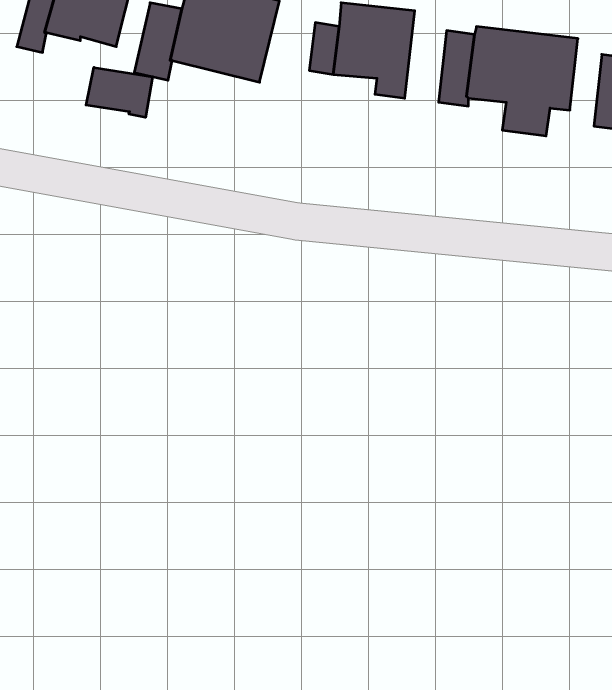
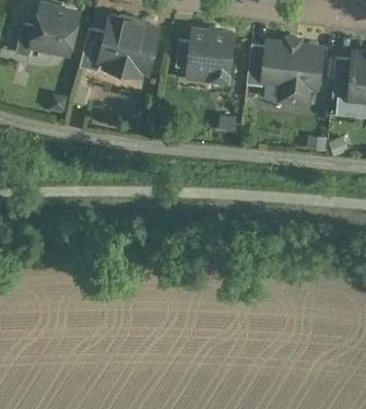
building: [86,67,153,117] -> none

